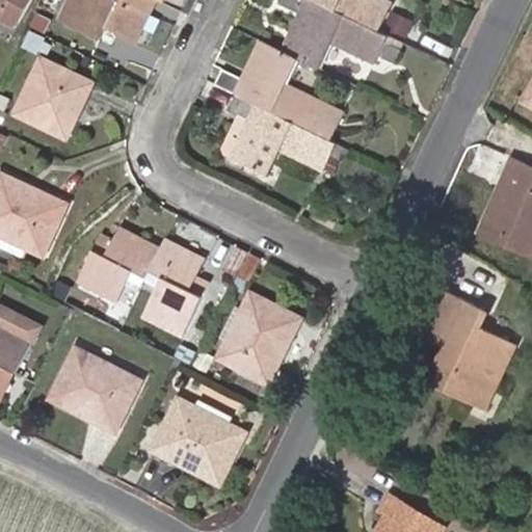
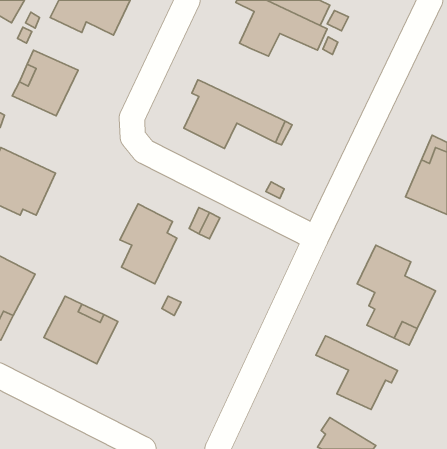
building: [214,41,342,140] -> none
building: [76,229,159,301] -> none
building: [217,294,298,382] -> none
building: none -> [316,336,397,410]
building: [153,400,243,482] -> none

